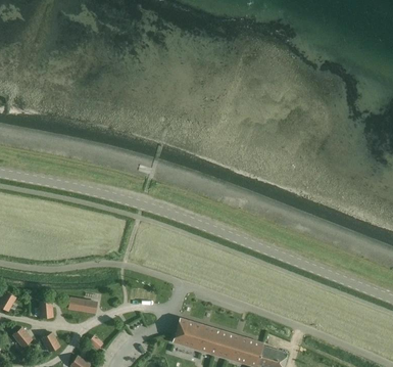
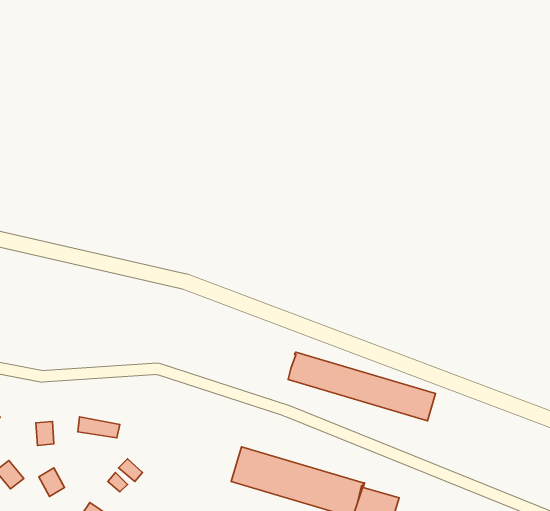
building: none -> [288,352,435,421]

